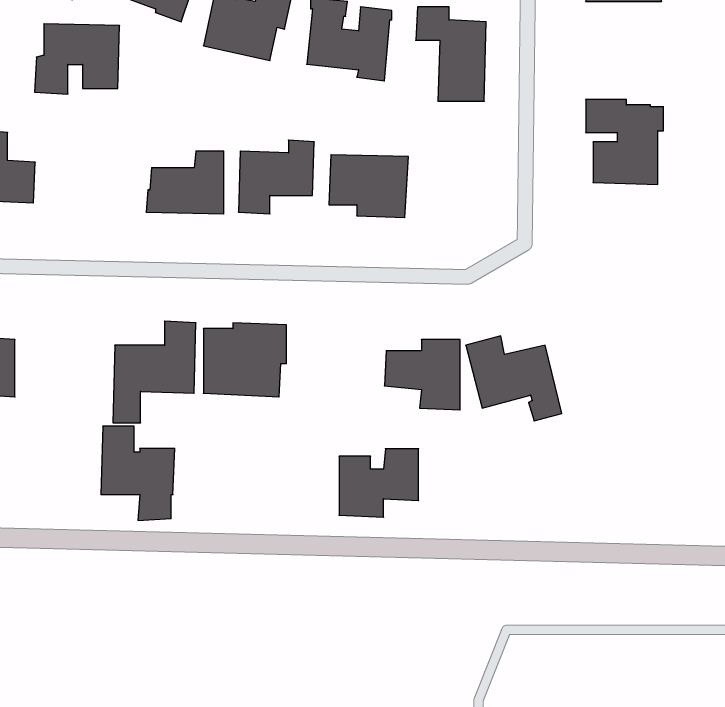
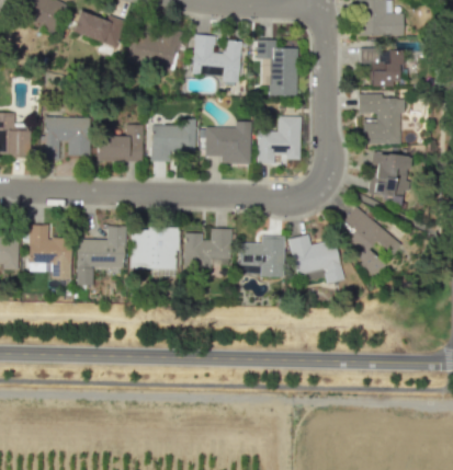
building: none -> [360,47,404,85]
building: [35,24,120,94] -> [41,117,91,159]
building: none -> [258,116,303,164]
building: none -> [367,152,411,199]
building: none -> [342,206,401,278]
building: [101,426,175,520] -> [30,225,73,280]
building: [339,449,419,517] -> [185,229,233,270]

